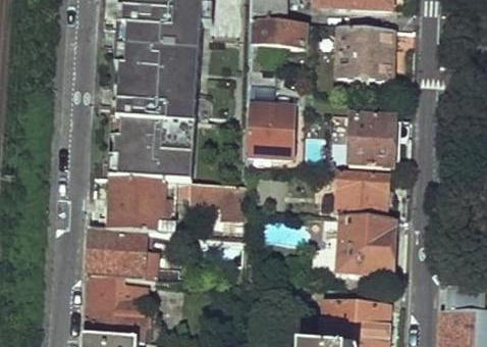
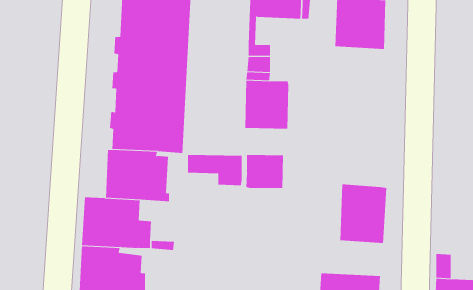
building: [350,115,395,165] -> none
building: [342,174,388,218] -> none
building: none -> [246,154,284,189]

